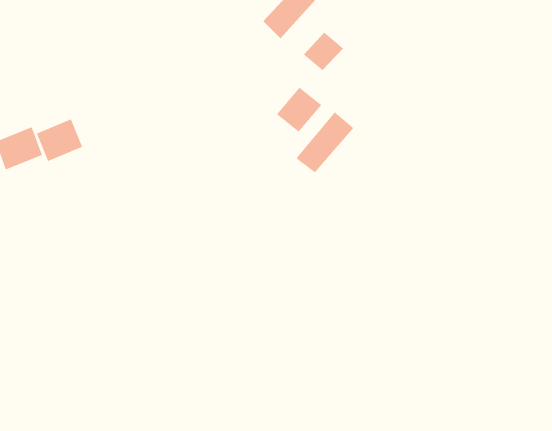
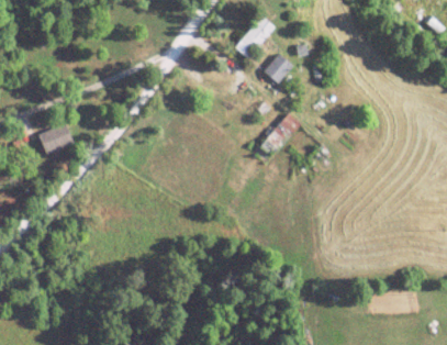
building: [276,87,322,133] -> none
building: [36,118,83,162] -> none

